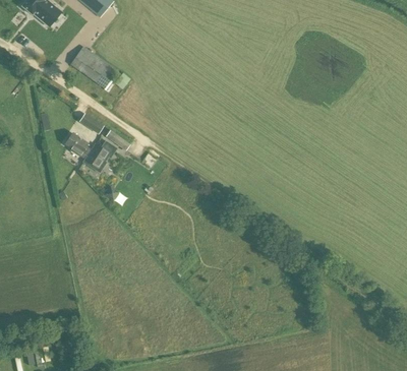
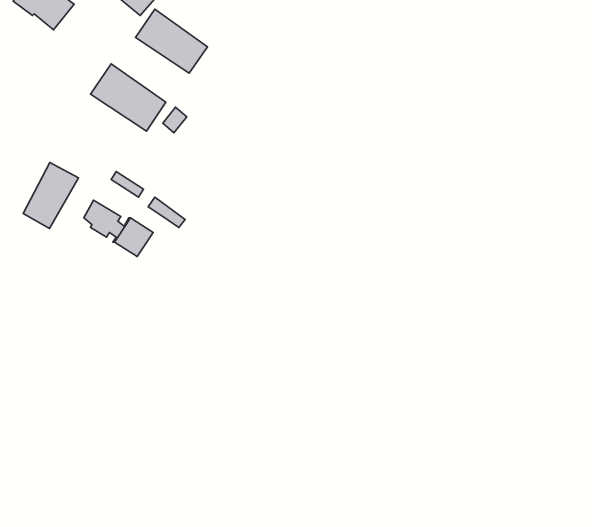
building: none -> [136,9,208,73]
building: none -> [23,162,78,228]

